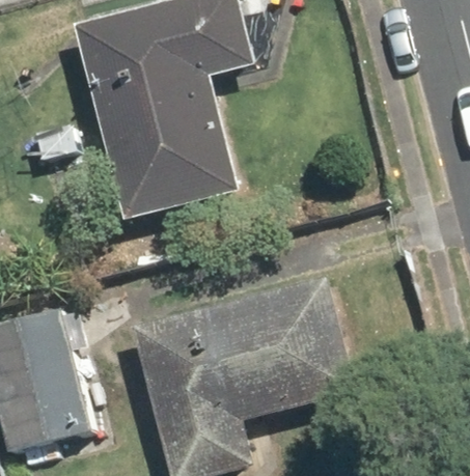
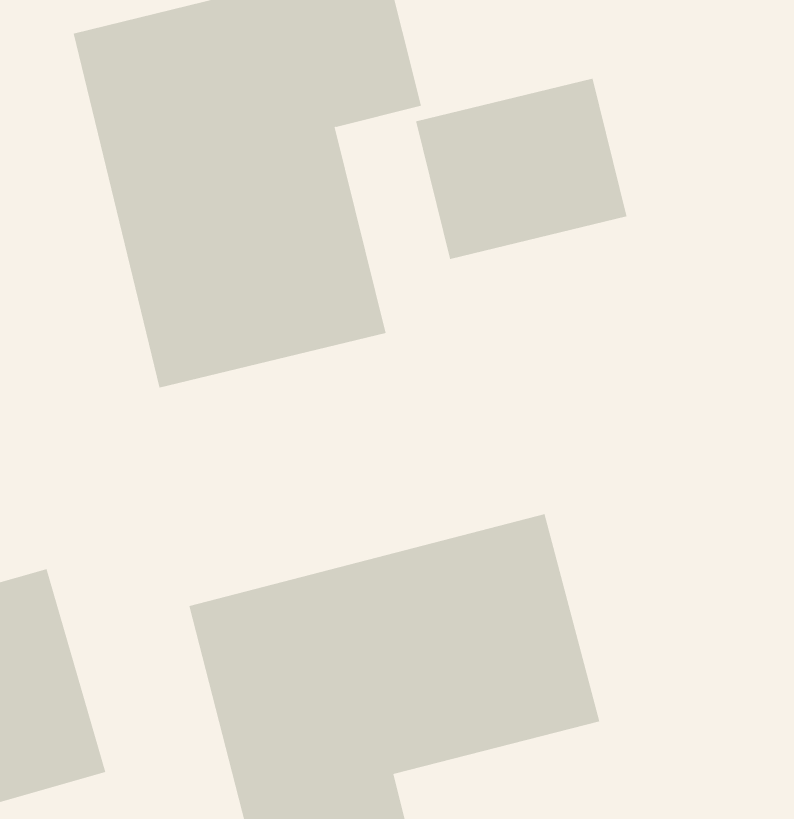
building: none -> [415,78,627,260]

